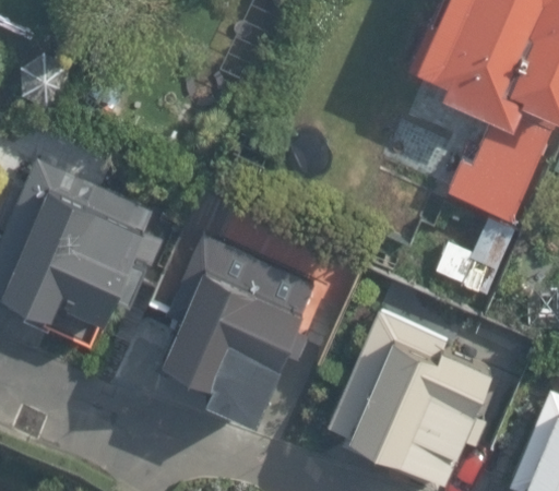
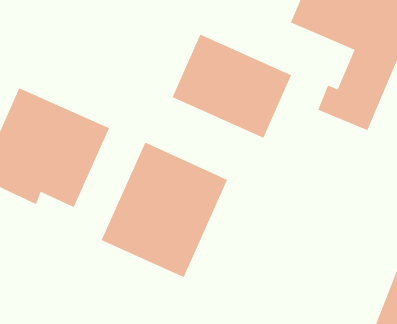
building: none -> [172,34,292,139]
building: [330,314,508,471] -> none

